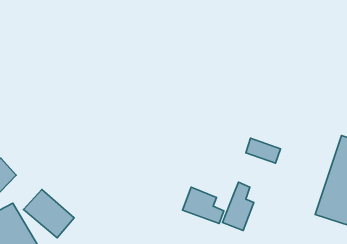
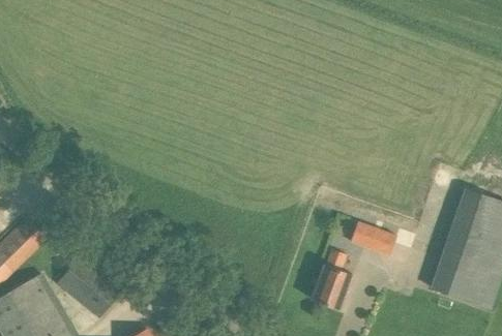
building: [246,138,280,163] -> [350,222,394,254]
building: [182,187,224,224] -> none

